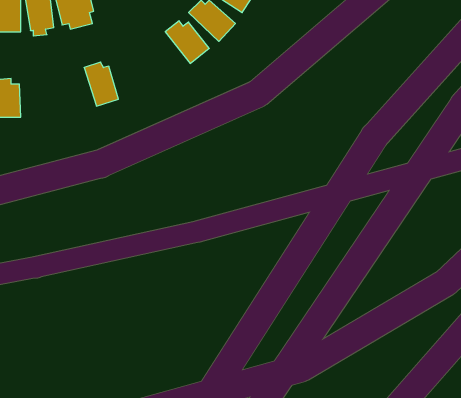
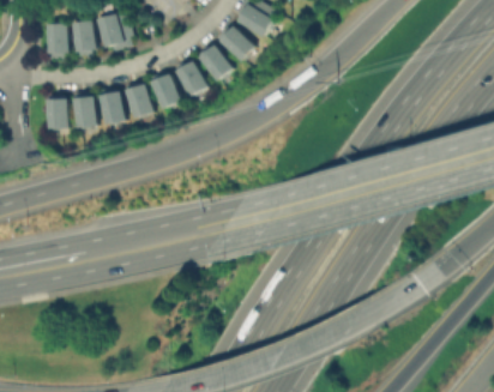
building: none -> [171,59,206,97]
building: none -> [147,72,180,110]
building: none -> [97,88,125,125]
building: none -> [71,92,96,128]

